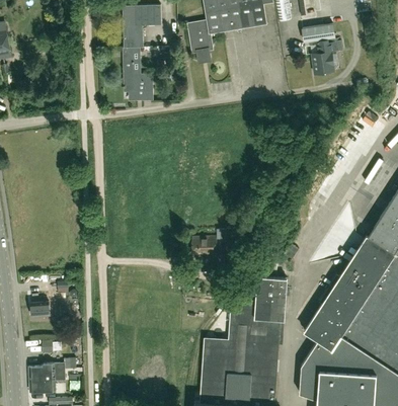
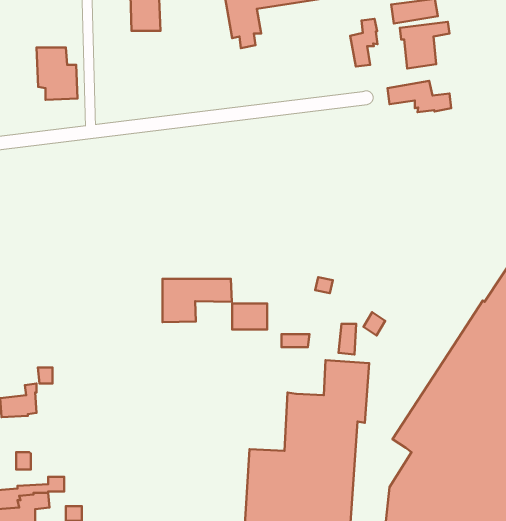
building: none -> [350,19,377,67]
building: [124,63,152,99] -> [37,47,78,100]
building: none -> [388,81,451,112]
building: none -> [162,279,232,322]

